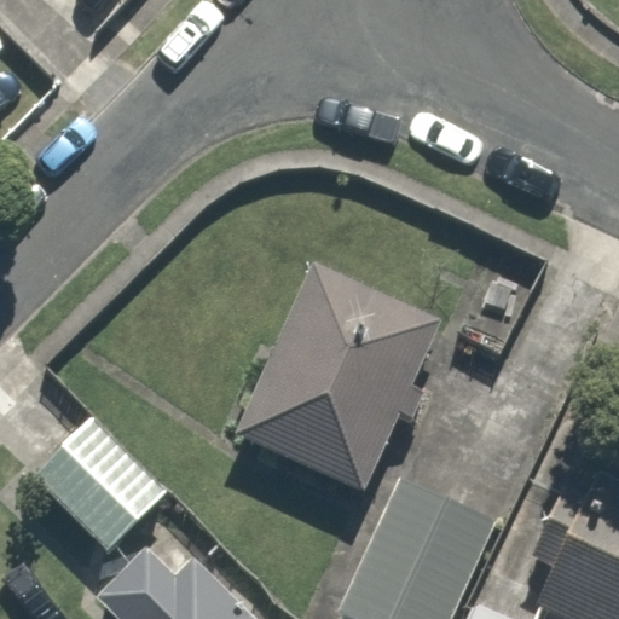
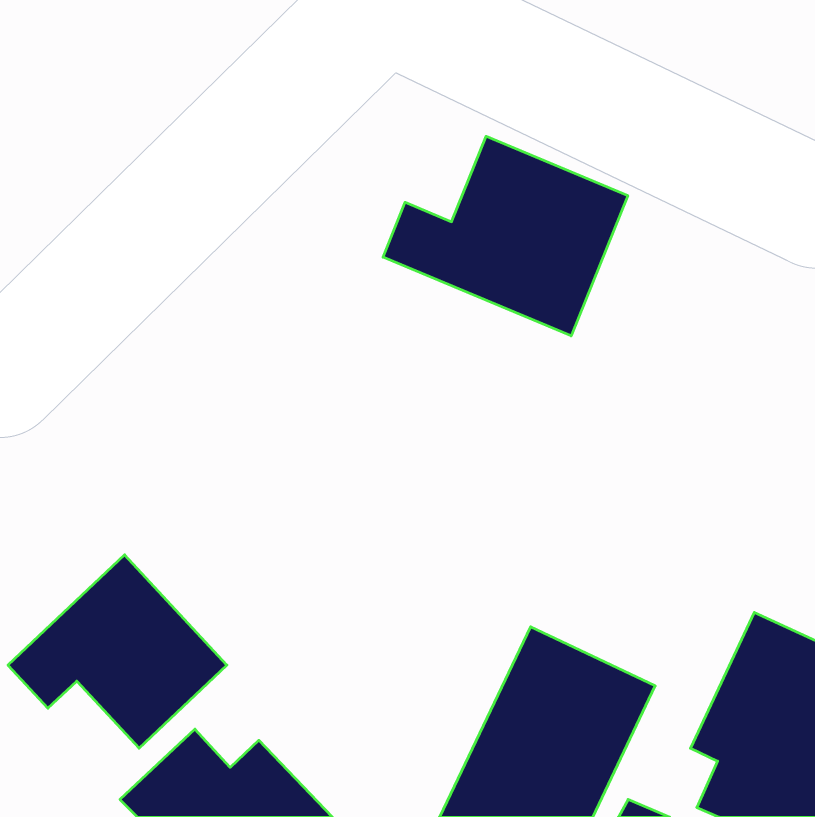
building: none -> [383,136,628,336]
building: [236,266,442,498] -> none

